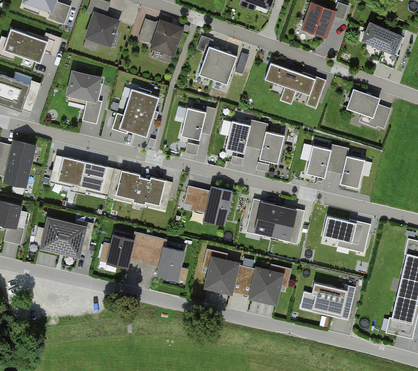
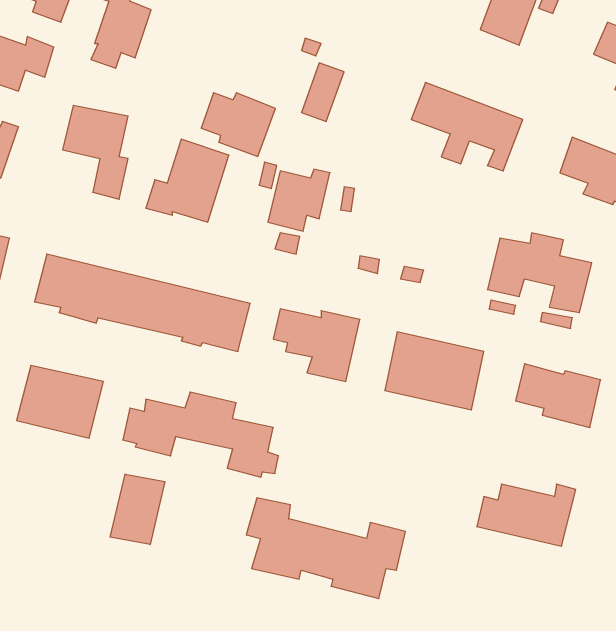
building: [141,17,183,53] -> [201,93,275,156]
building: [214,52,238,85] -> none
building: [226,119,285,164] -> none
building: [201,249,291,306] -> [246,498,405,599]
building: none -> [110,474,165,545]

